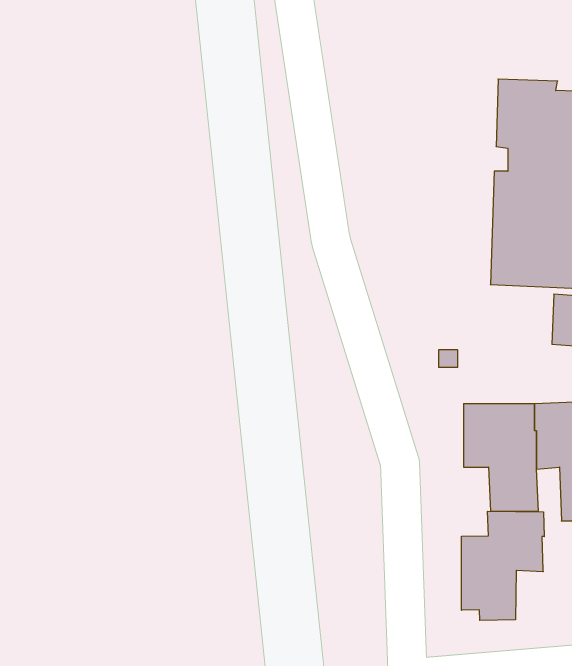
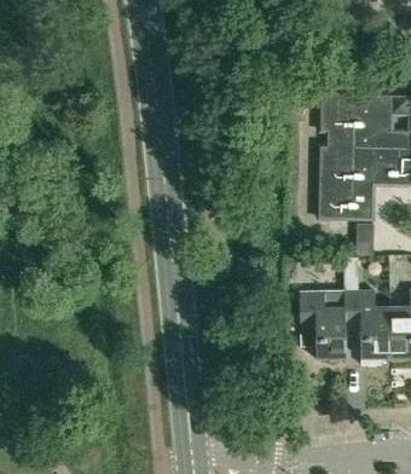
building: [462,511,544,620] -> none

